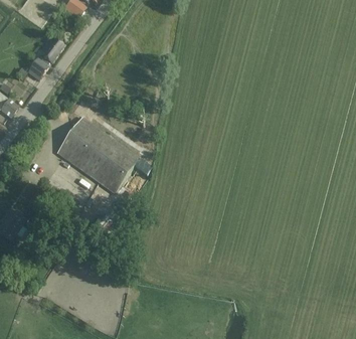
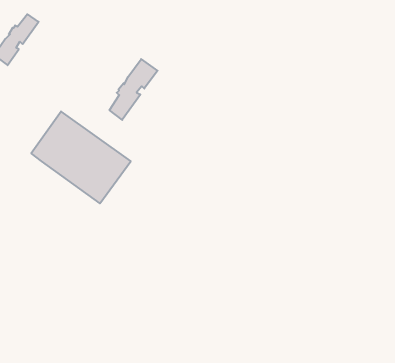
building: none -> [110,59,158,120]

